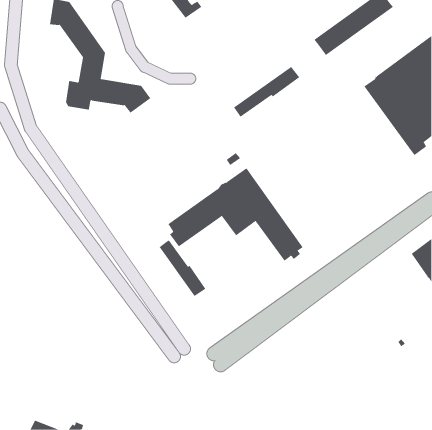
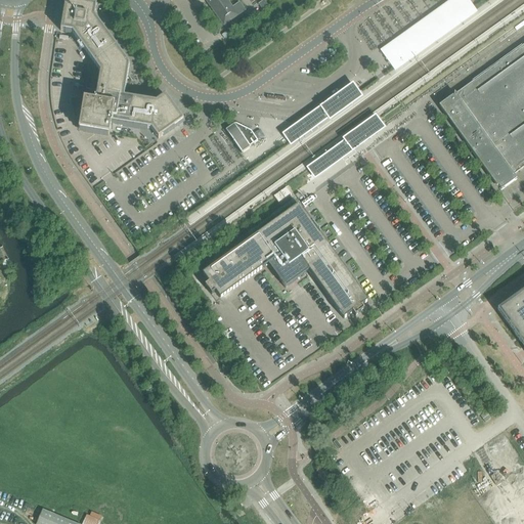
building: none -> [306,111,386,176]
building: none -> [225,122,258,149]
building: [159,239,206,297] -> none

